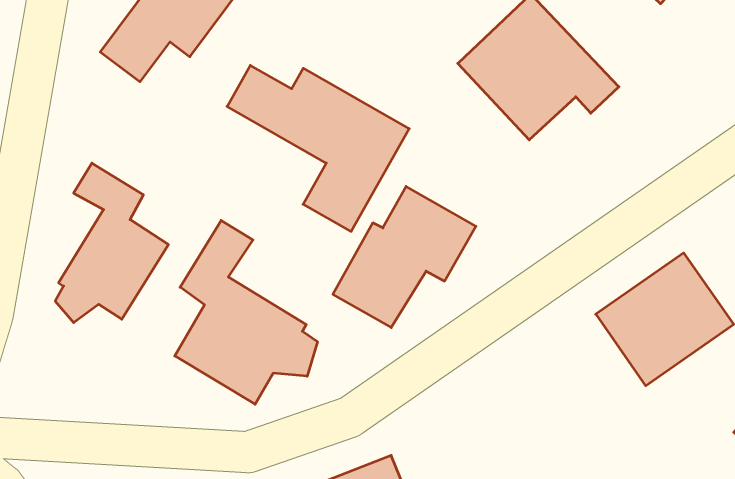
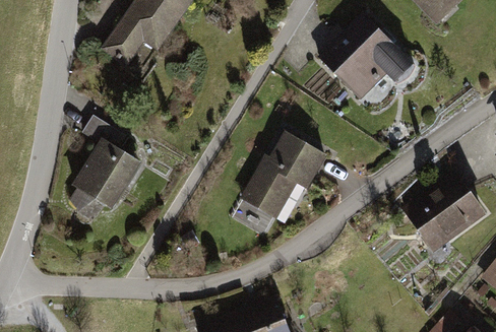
building: [227,65,409,231] -> none
building: [175,220,317,404] -> none

